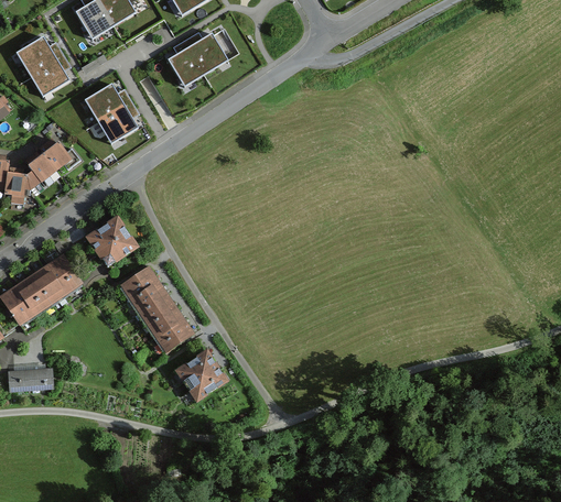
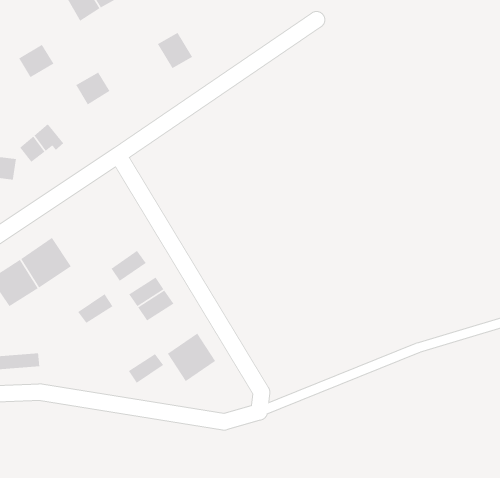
building: [188,35,225,73] -> none
building: [18,40,53,74] -> none
building: [98,107,133,142] -> none
building: [87,214,138,264] -> none
building: [130,279,166,309] -> [77,293,114,324]
building: [158,319,194,350] -> [128,353,164,384]

